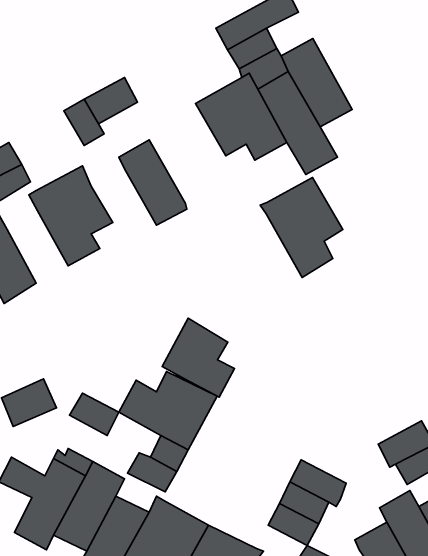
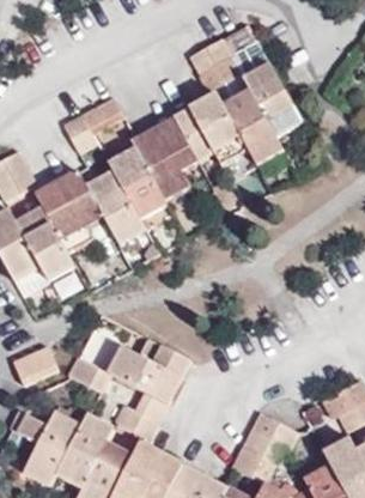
building: none -> [84,170,142,243]
building: [260,177,343,277] -> [127,116,195,199]
building: none -> [14,205,72,278]
building: [162,318,235,397] -> none

